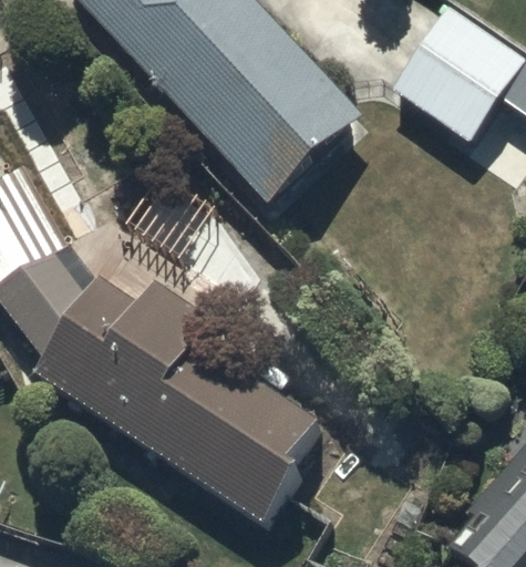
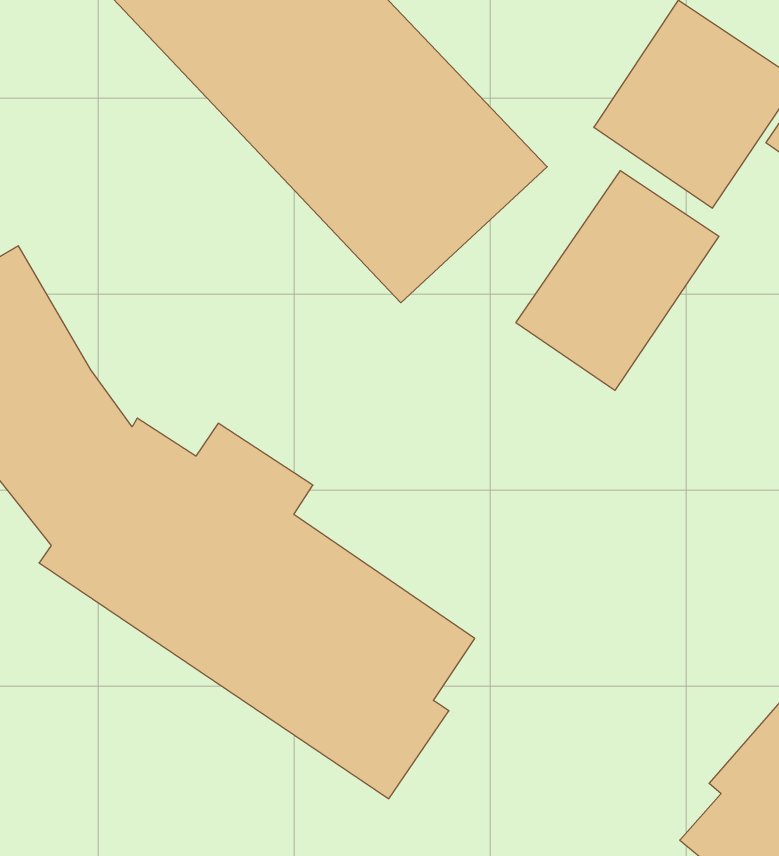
building: none -> [516,171,719,390]

